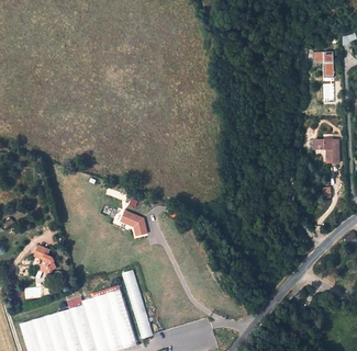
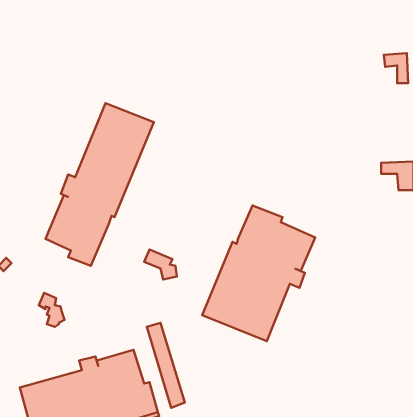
building: none -> [46,103,154,266]
building: none -> [202,205,315,341]

